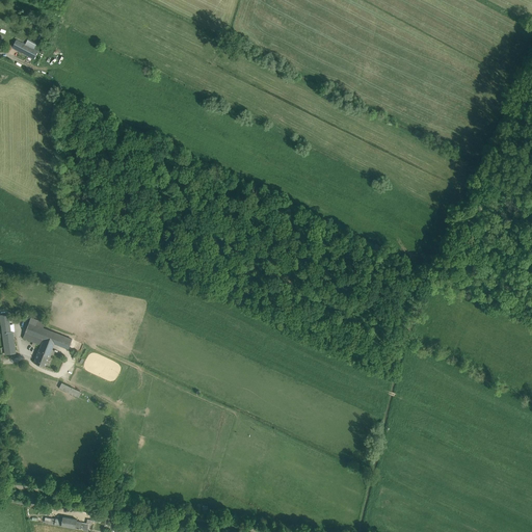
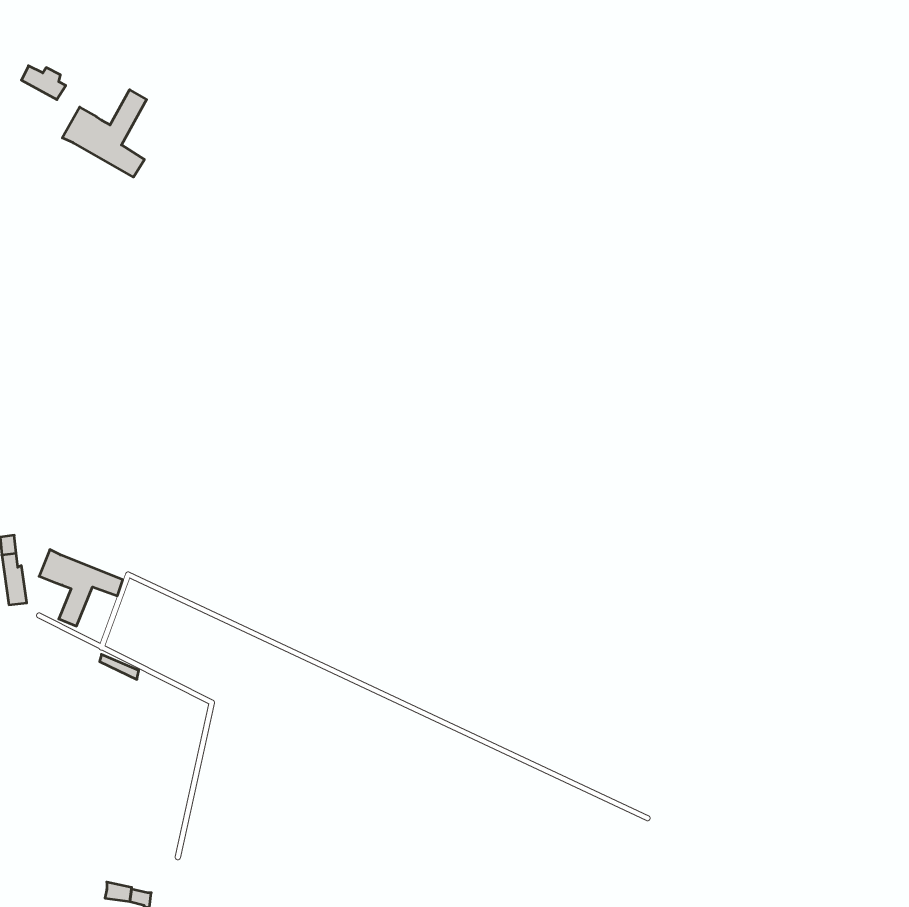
building: none -> [62,90,147,177]

